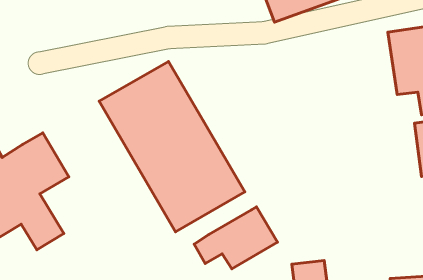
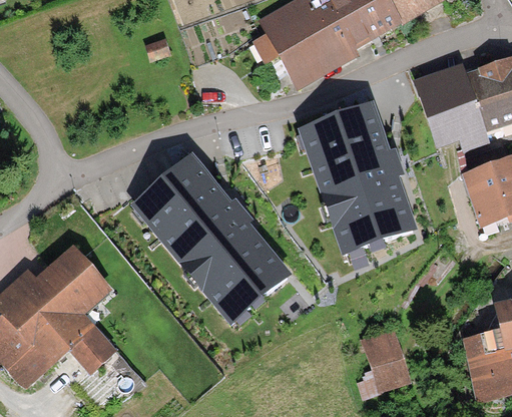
building: none -> [300,102,418,252]
building: [194,207,277,269] -> none

